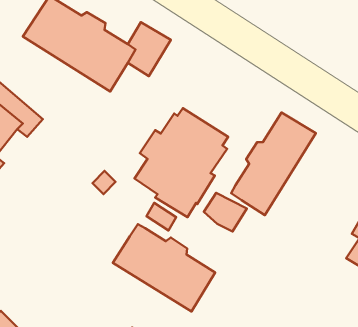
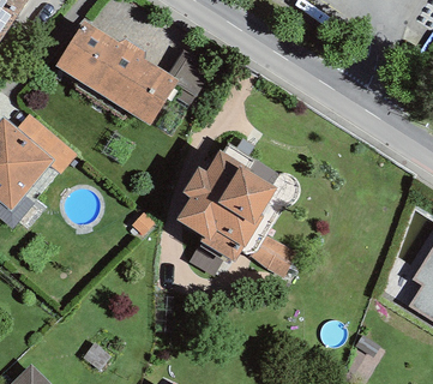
building: [231,112,316,215] -> none
building: [113,224,215,311] -> none

